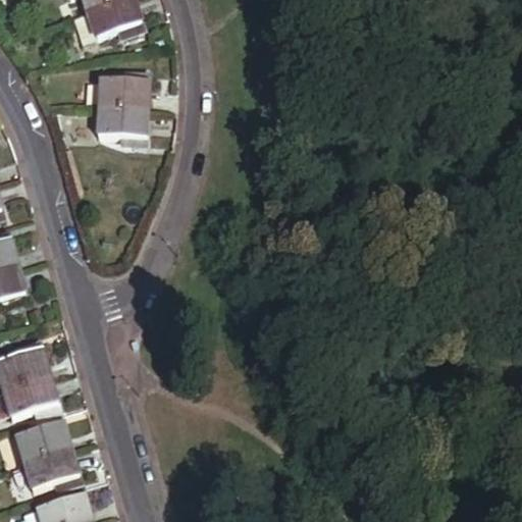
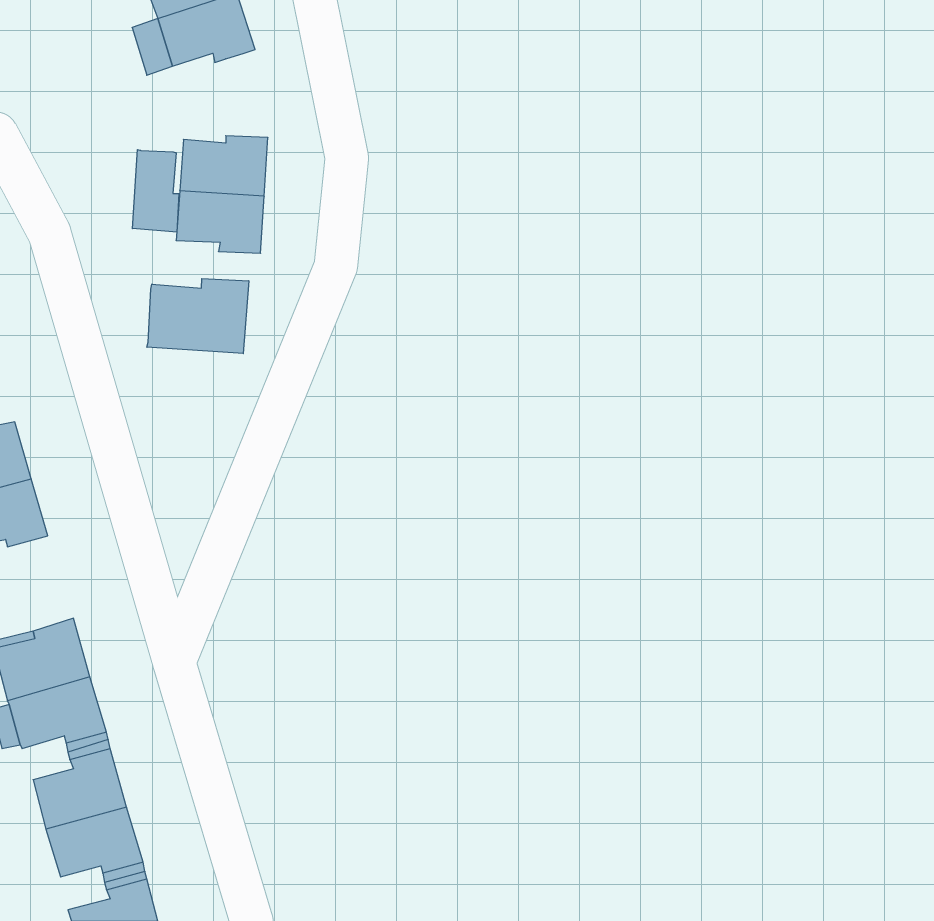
building: none -> [132,150,179,232]
building: none -> [147,279,249,354]

